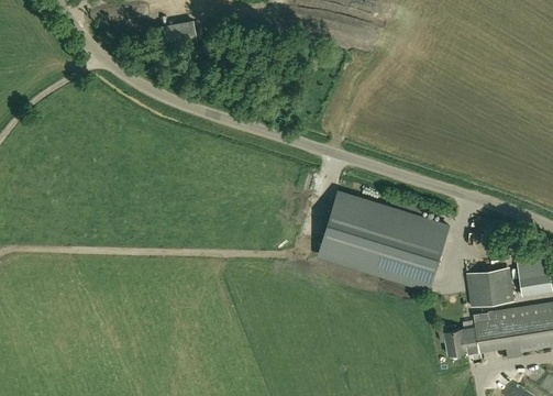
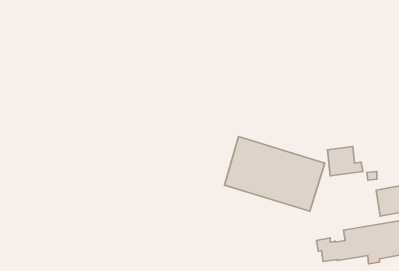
building: [156,20,197,46] -> none
building: [467,268,513,307] -> [328,146,363,176]

